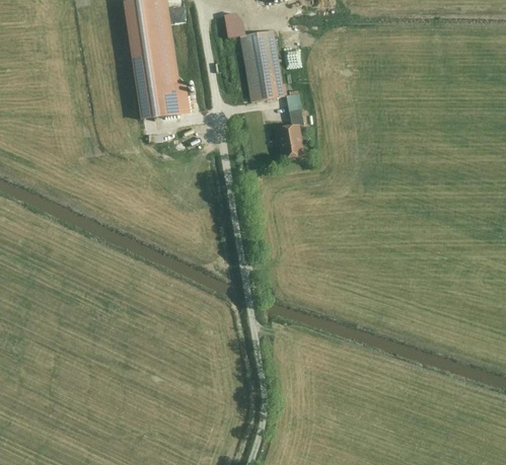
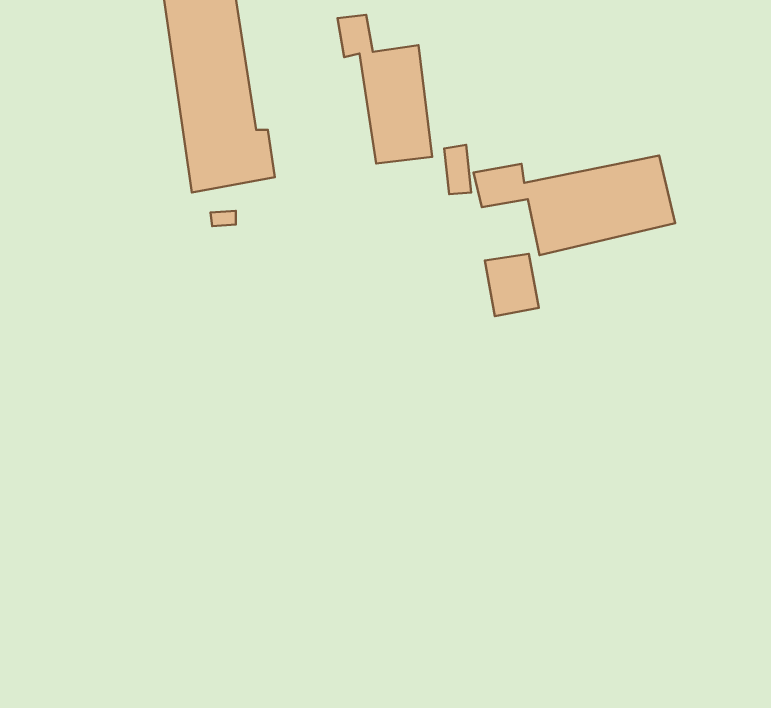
building: none -> [473,156,675,255]
building: [274,123,306,160] -> [485,254,539,316]

